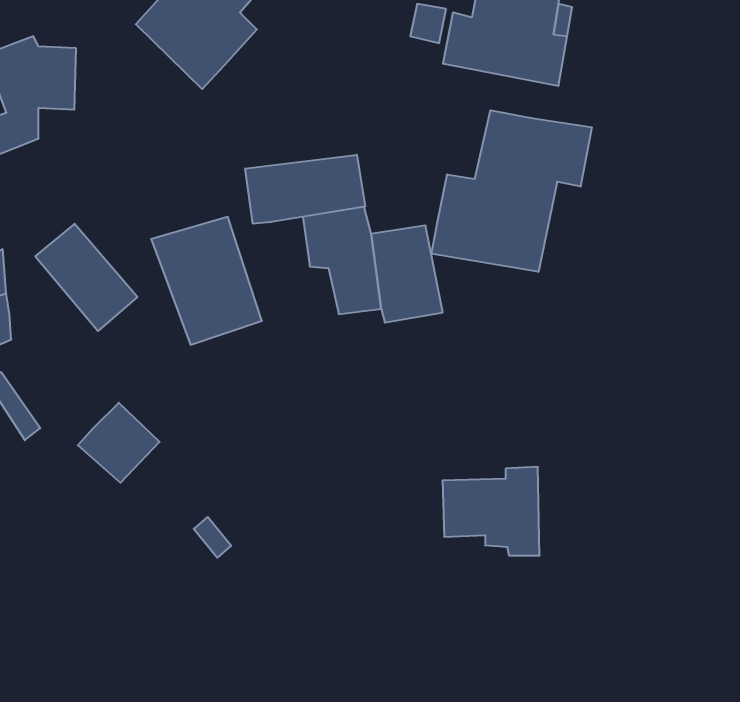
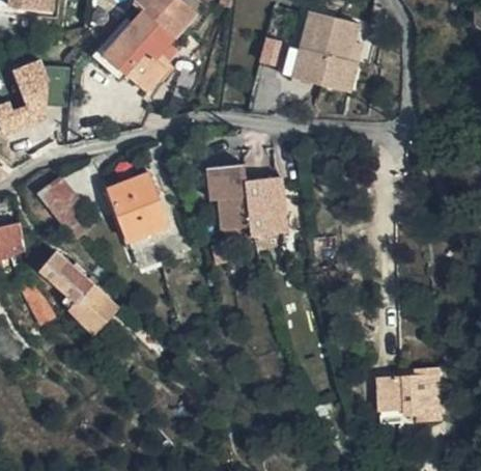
building: [431,110,592,272] -> none
building: [245,155,365,224] -> none
building: none -> [37,247,92,300]
building: [442,467,540,556] -> [373,369,432,423]

